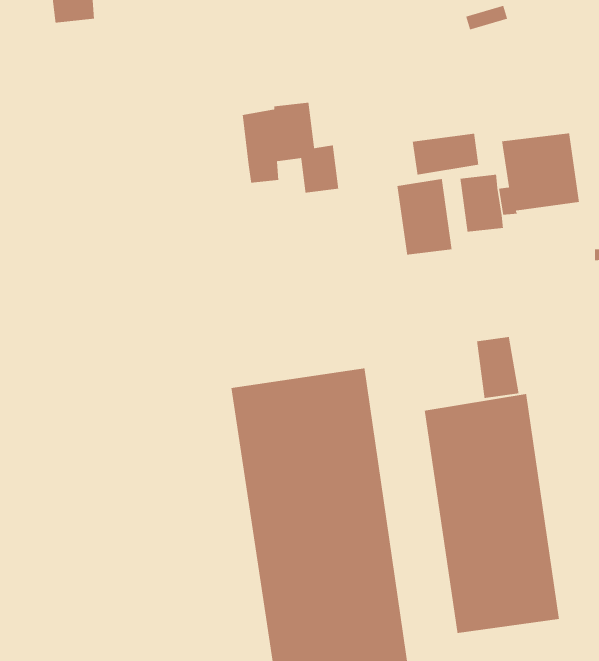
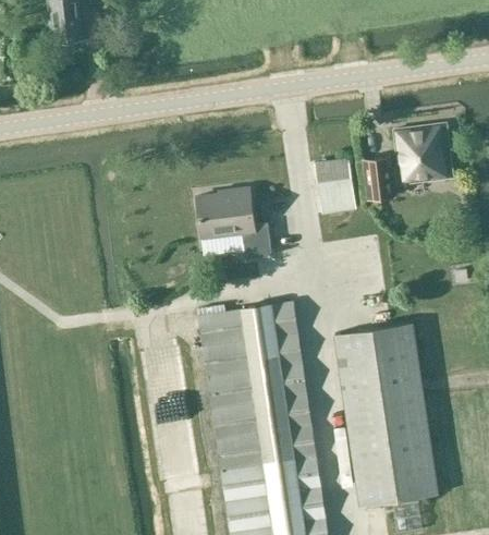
building: [242,102,339,193] -> [197,190,271,259]
building: [412,133,479,175] -> none
building: [476,336,520,399] -> none

